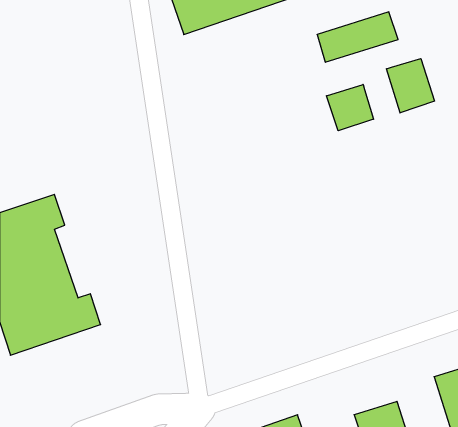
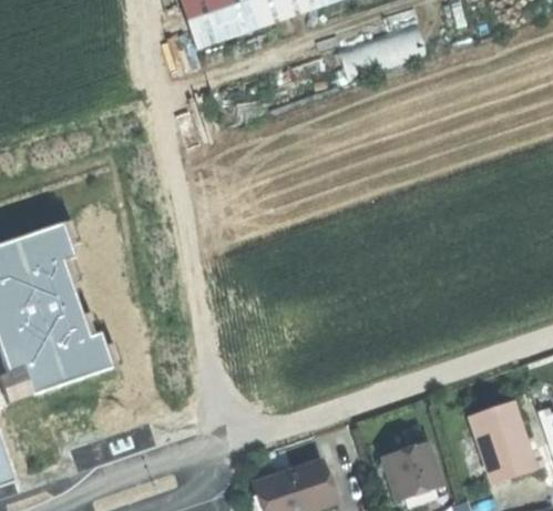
building: [386,59,434,113] -> none
building: [326,84,374,131] -> none

